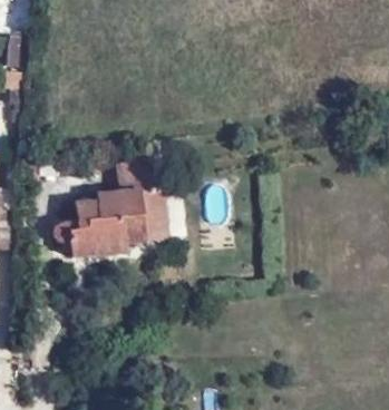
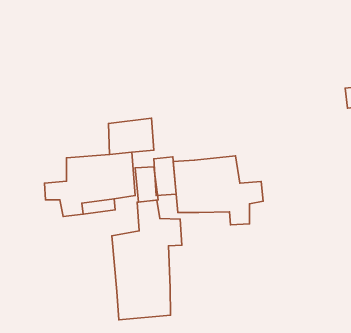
building: none -> [173,156,263,225]
building: none -> [112,200,182,320]

